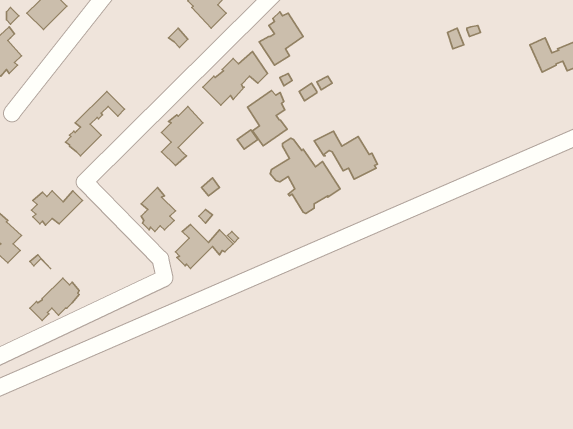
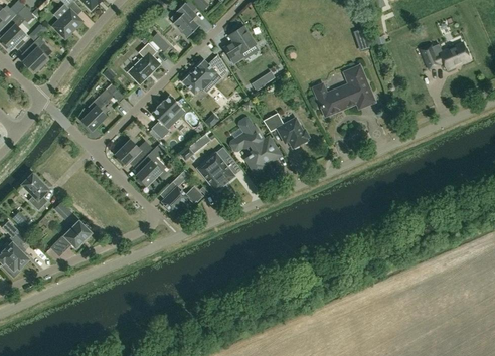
building: none -> [128,42,160,83]
building: none -> [313,65,374,116]
building: [247,91,287,146] -> none
building: none -> [196,147,239,191]
building: [32,191,82,225] -> [115,140,152,165]

